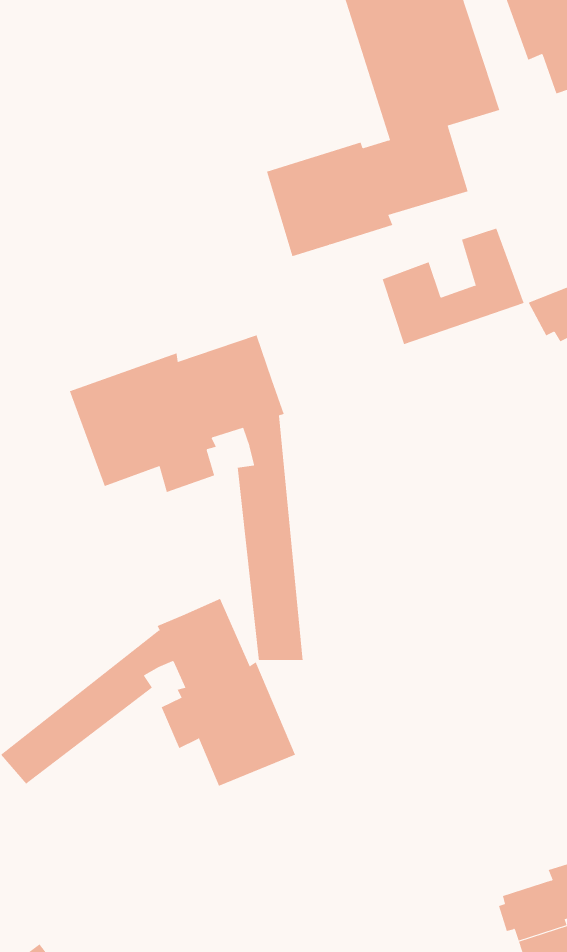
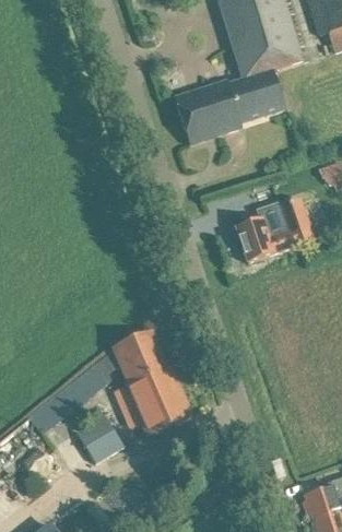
building: [382,228,525,345] -> [236,197,315,261]
building: [69,334,303,661] -> none
building: none -> [78,411,125,461]

